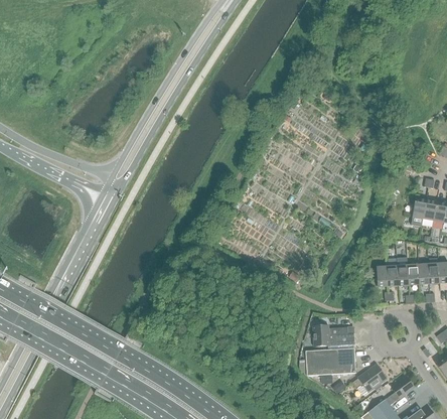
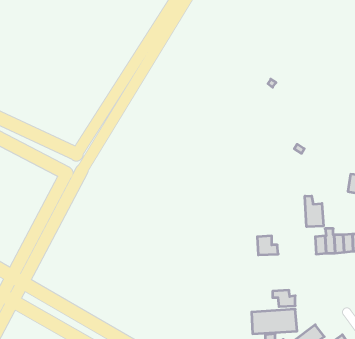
building: none -> [305,196,323,227]
building: [313,324,336,345] -> [257,236,278,255]

